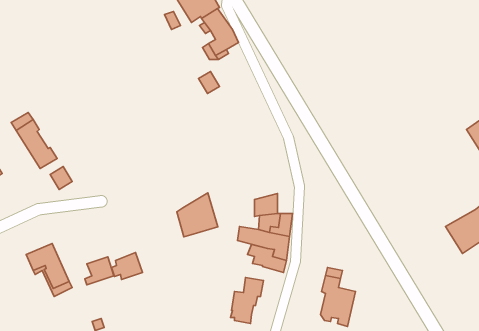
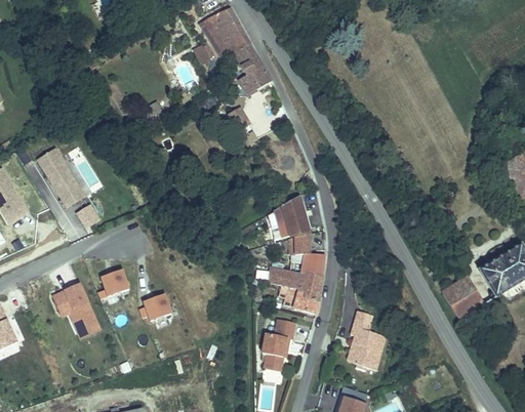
building: [177,193,218,237] -> [268,195,310,240]
building: none -> [444,275,486,318]
building: [85,257,114,285] -> [98,270,128,298]

